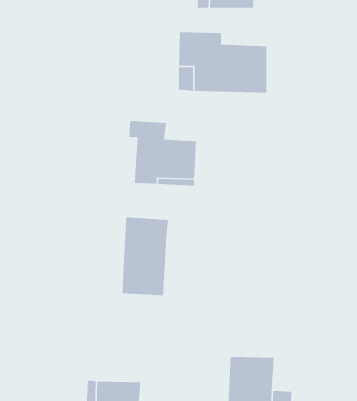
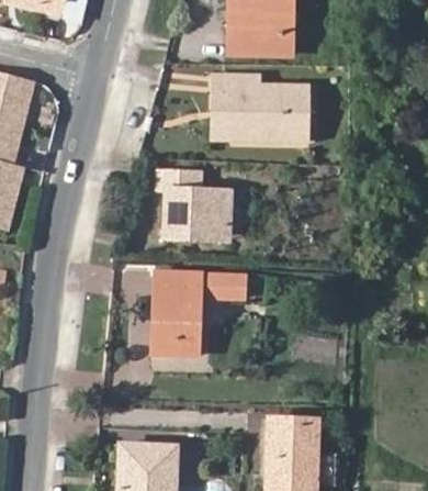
building: none -> [203,277,248,302]

